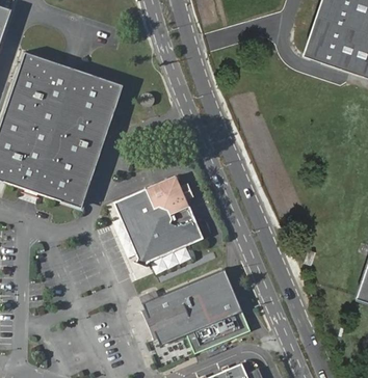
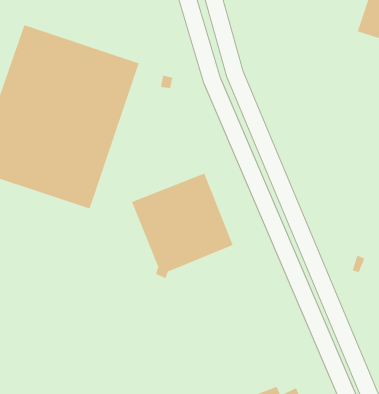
building: [141,269,248,354] -> none

